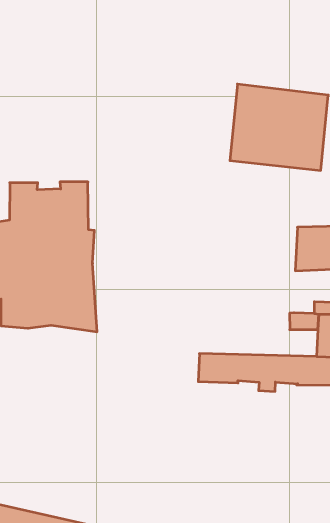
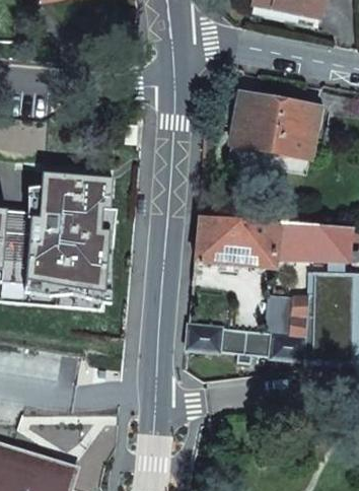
building: none -> [197,217,284,271]

